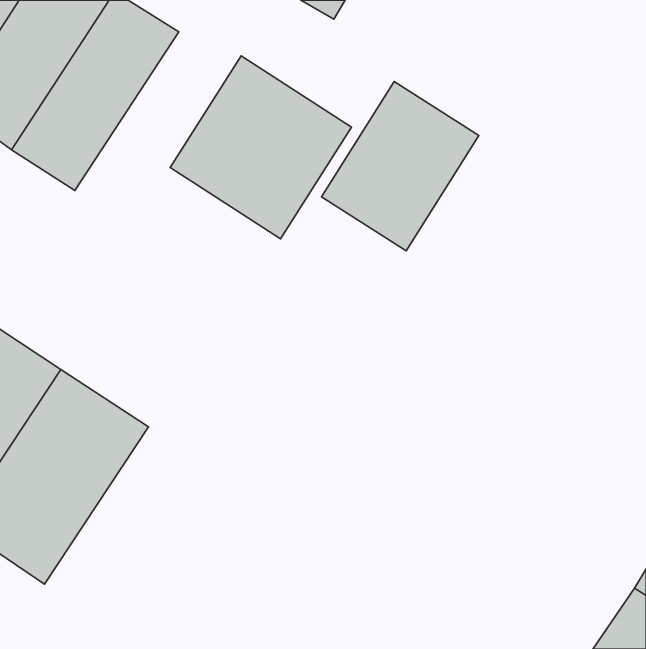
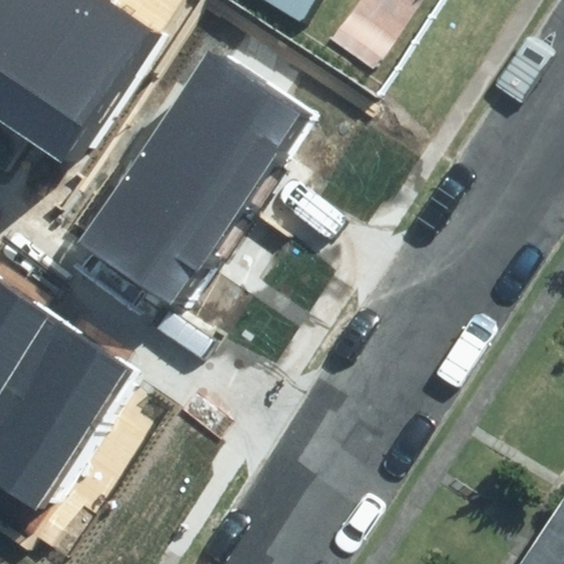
building: [321,82,479,251] -> none
building: none -> [85,145,243,304]

